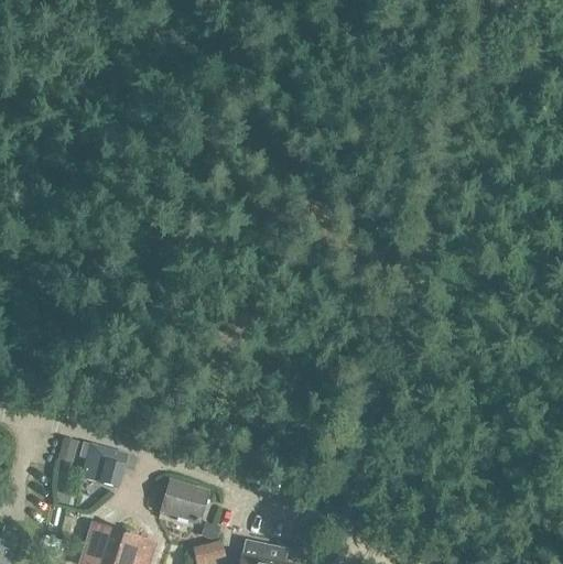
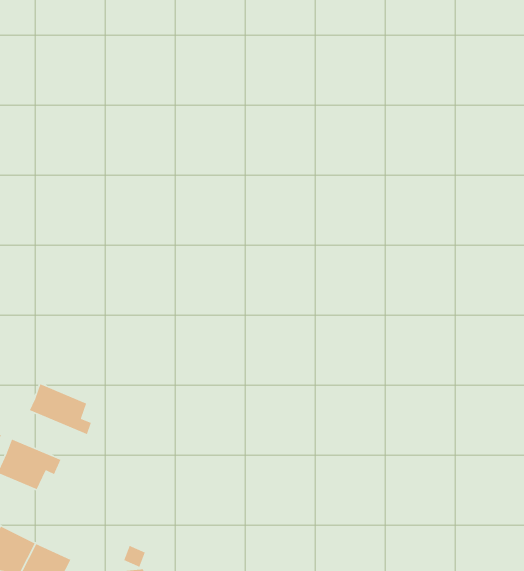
building: none -> [29,383,92,435]
building: [159,479,209,524] -> none

